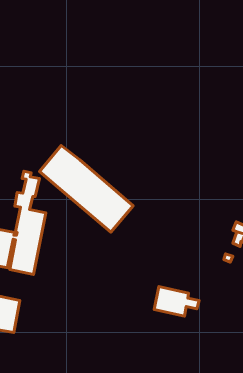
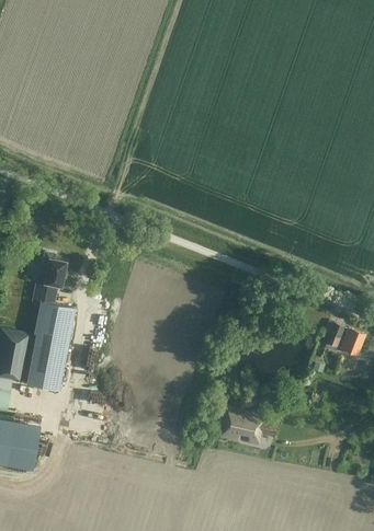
building: [40,145,133,232] -> none

